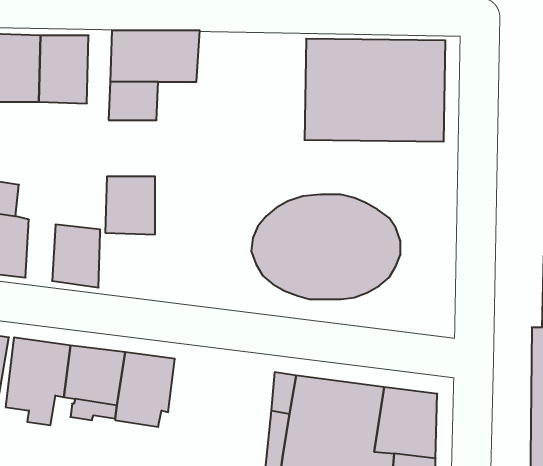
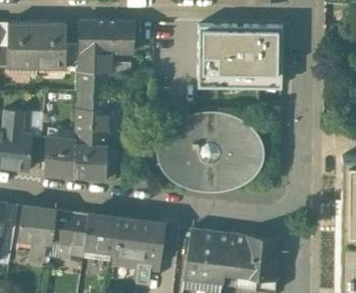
building: none -> [78,75,108,109]
building: none -> [73,143,107,181]
building: none -> [113,220,164,268]

